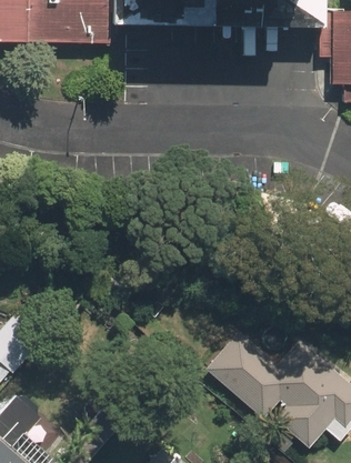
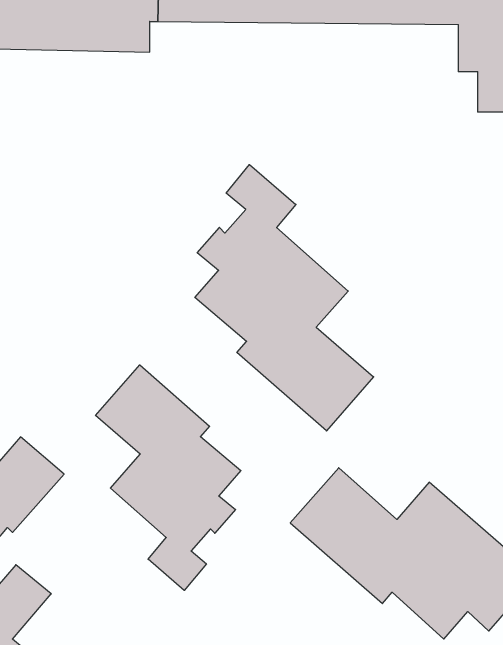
building: none -> [195,165,374,431]
building: none -> [96,365,241,590]

